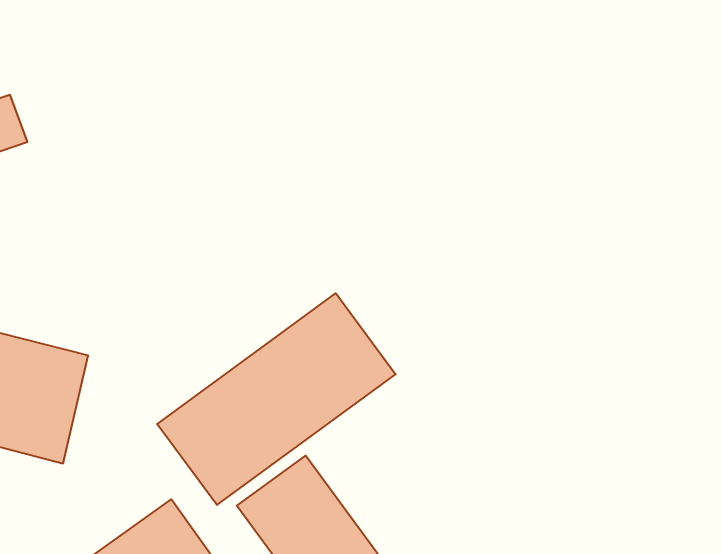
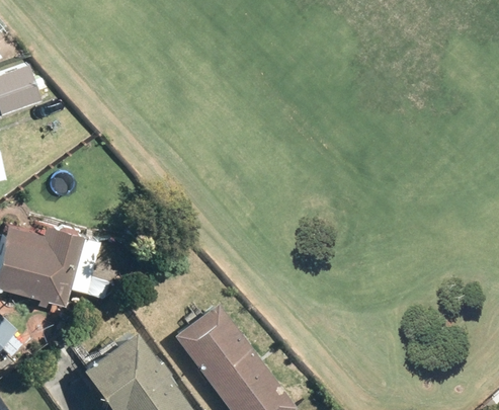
building: [157,293,396,505] -> none

